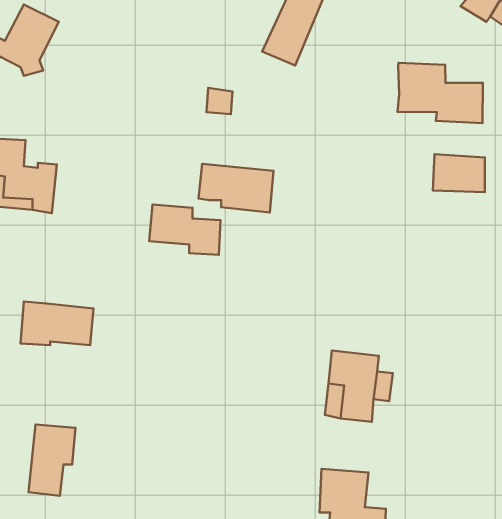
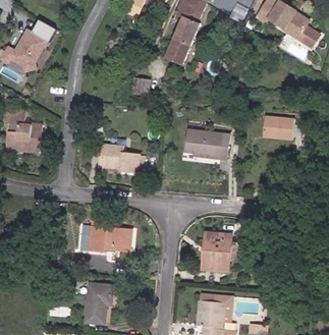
building: [398,63,483,123] -> none
building: [199,164,273,212] -> [186,131,230,160]
building: [20,302,93,345] -> [90,227,132,253]
building: [29,424,76,496] -> [87,283,114,325]

